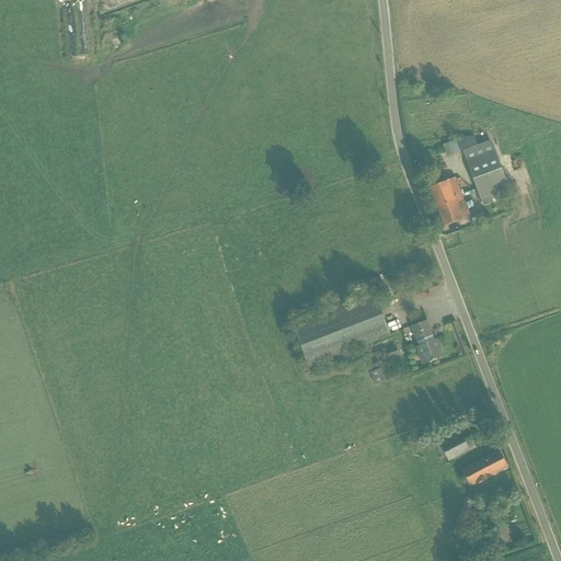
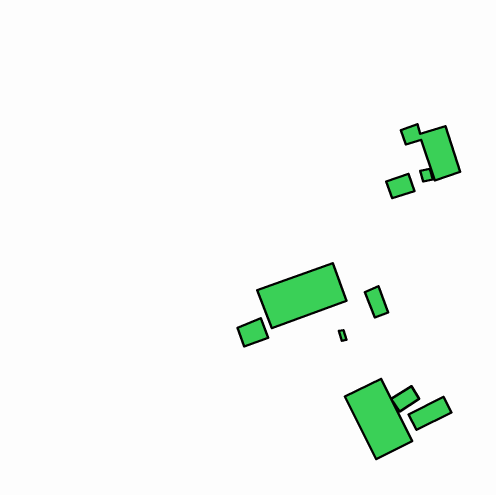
building: [430,175,461,205] -> none
building: none -> [237,318,268,347]
building: none -> [345,379,412,459]

